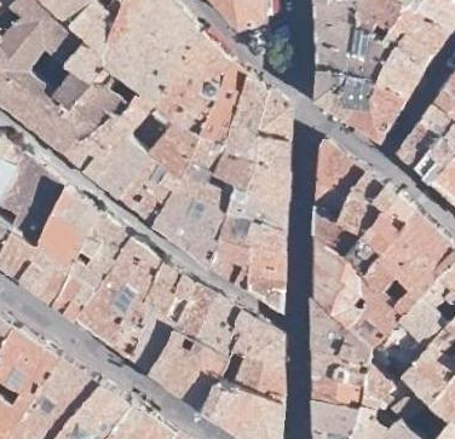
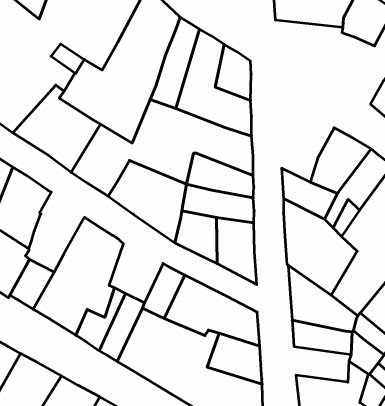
building: [317,69,407,140] -> none
building: [313,140,364,220] -> none
building: [73,213,128,287] -> none
building: [148,265,198,320] -> none
building: [313,370,365,406] -> none

